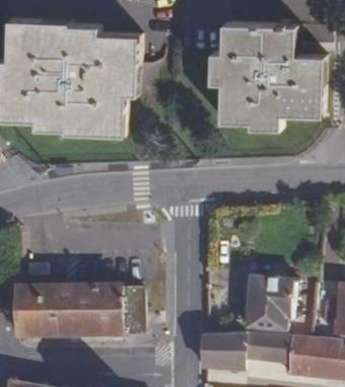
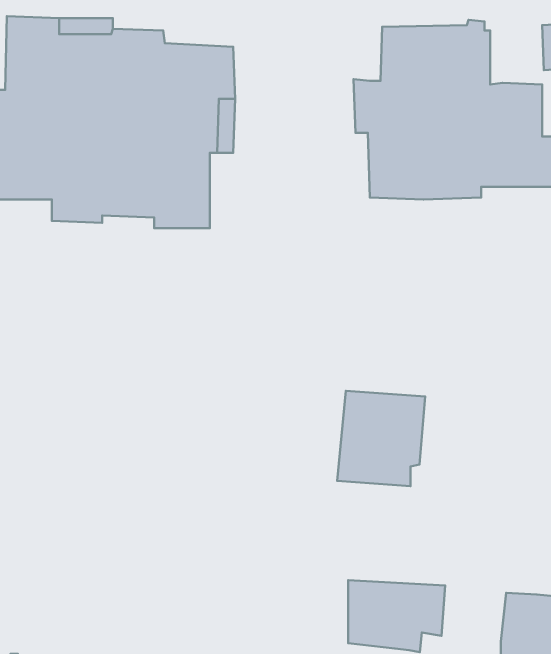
building: [246,279,295,332] -> [337,391,425,486]
building: [17,285,142,334] -> none
building: [255,336,291,368] -> none

